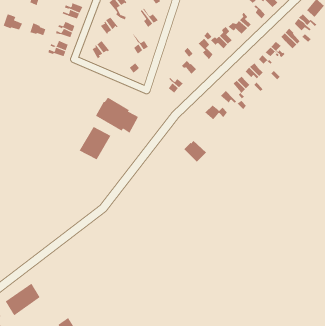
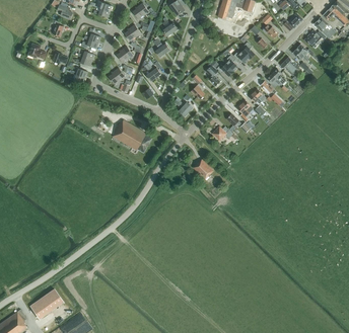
building: [79,126,111,160] -> none

